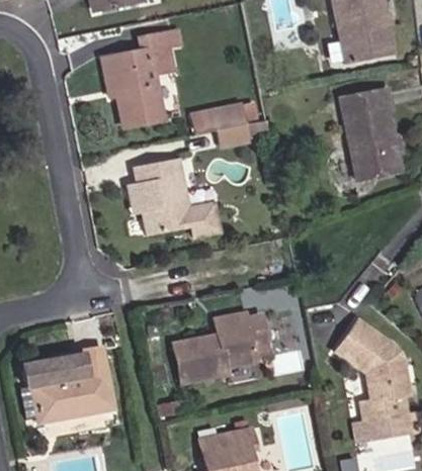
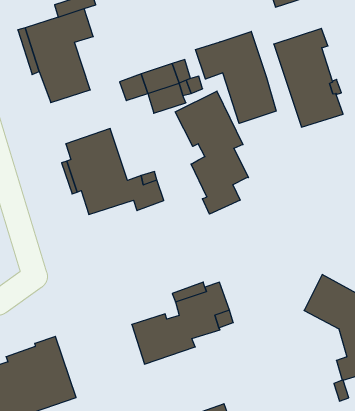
building: none -> [196,31,276,123]
building: none -> [175,91,248,214]

